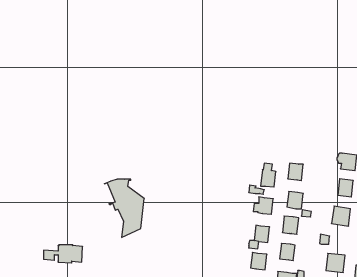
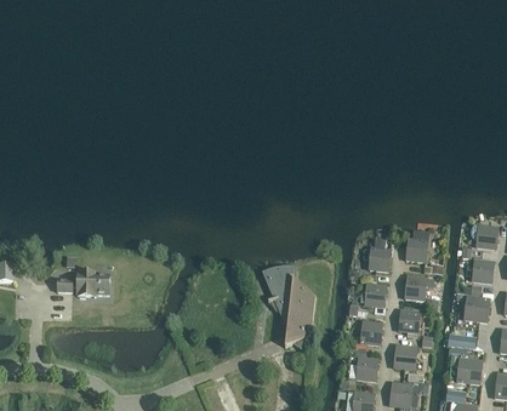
building: [104,179,144,237] -> [261,269,314,347]
building: [44,245,83,263] -> [57,272,109,296]

